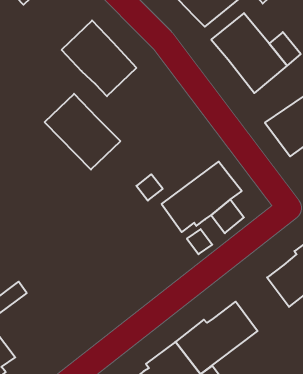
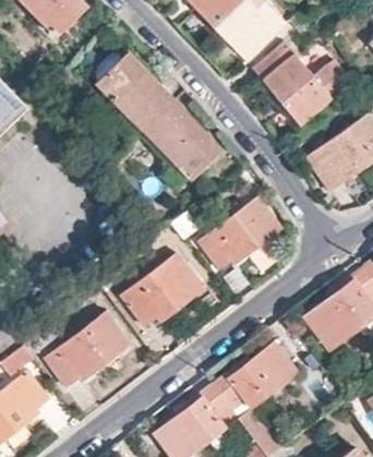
building: [45,94,120,170] -> [143,99,221,178]
building: none -> [123,254,204,326]
building: none -> [46,310,131,385]

